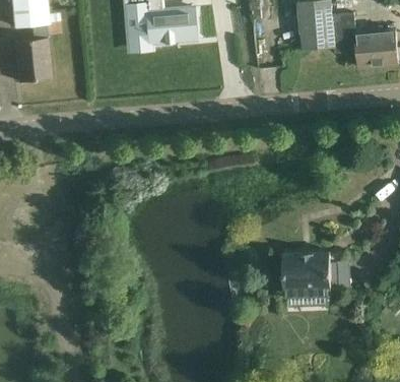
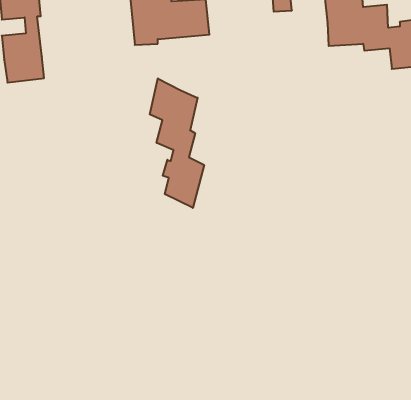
building: none -> [150,78,204,208]
building: [282,252,331,293] -> none

